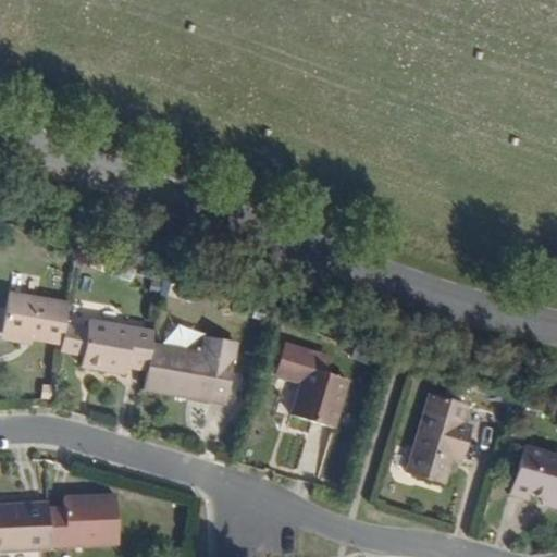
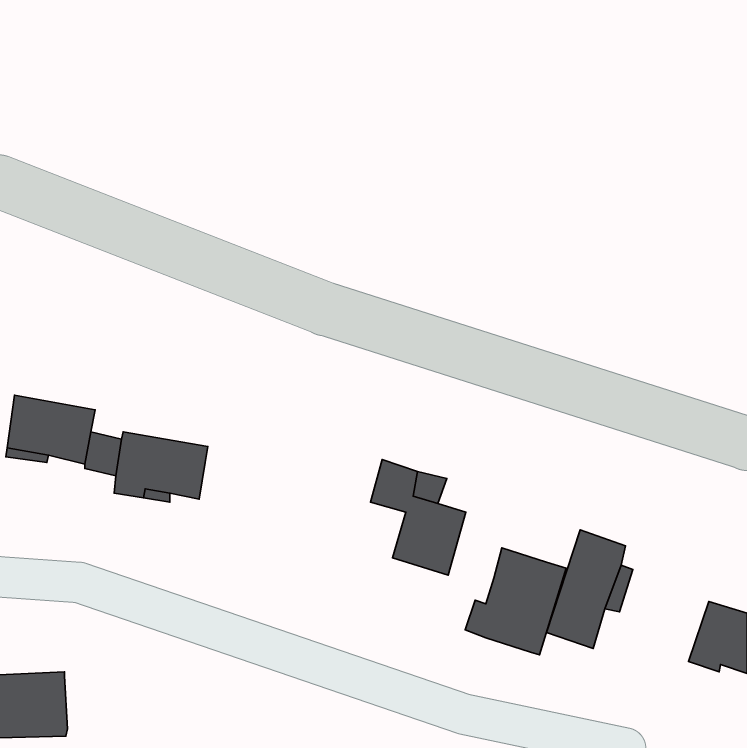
building: [145,337,238,404] -> none
building: none -> [465,548,566,655]
building: [48,490,123,542] -> none

